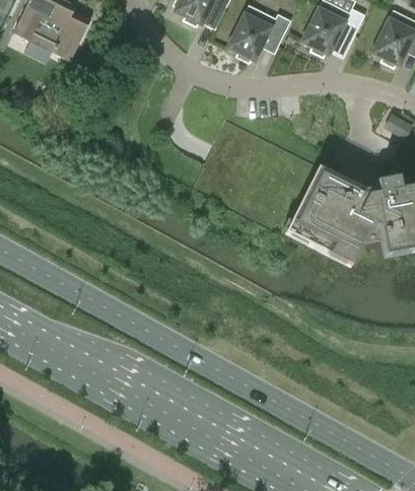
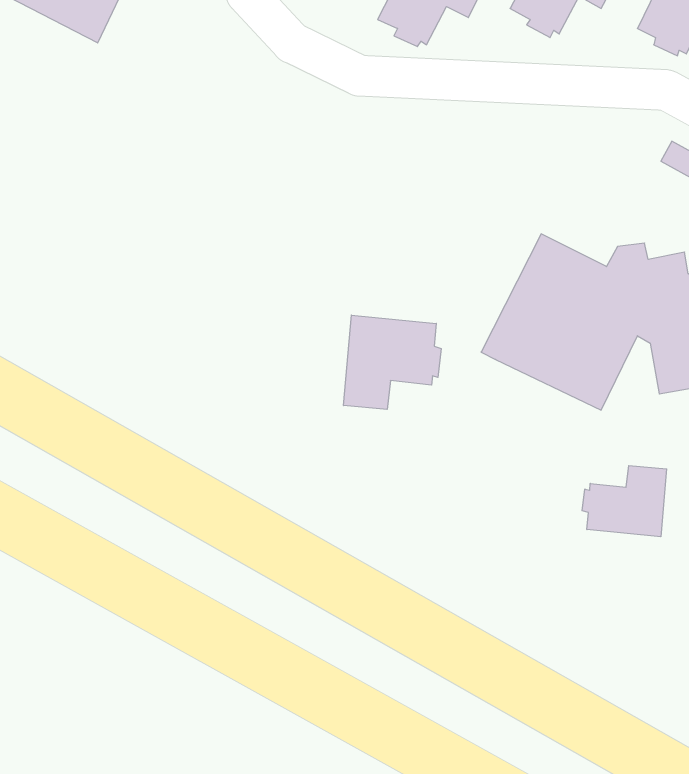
building: none -> [344,315,441,409]
building: none -> [582,466,667,537]

